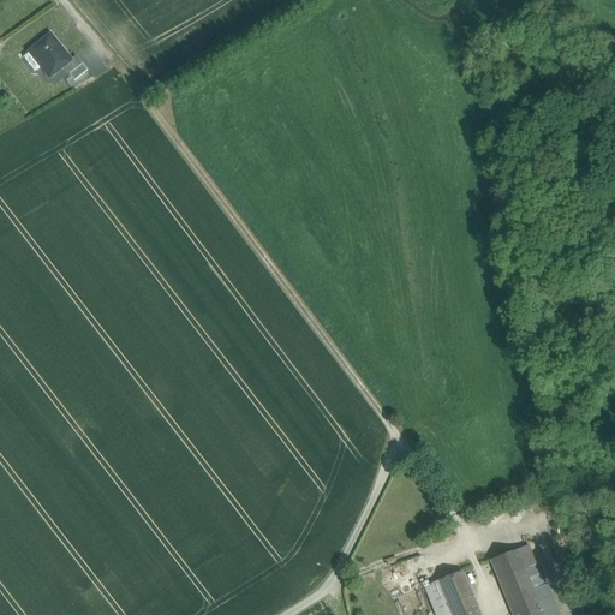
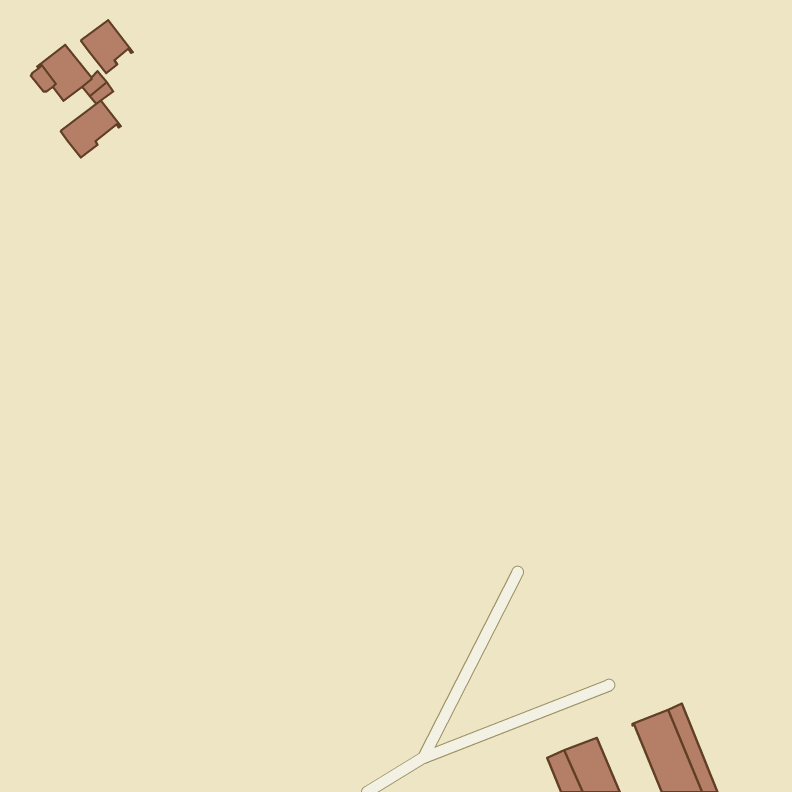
building: none -> [81,20,133,73]
building: none -> [61,100,121,158]

